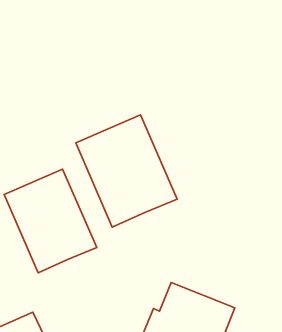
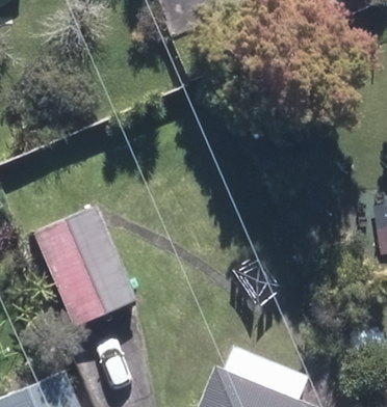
building: [76,115,177,227] -> none

